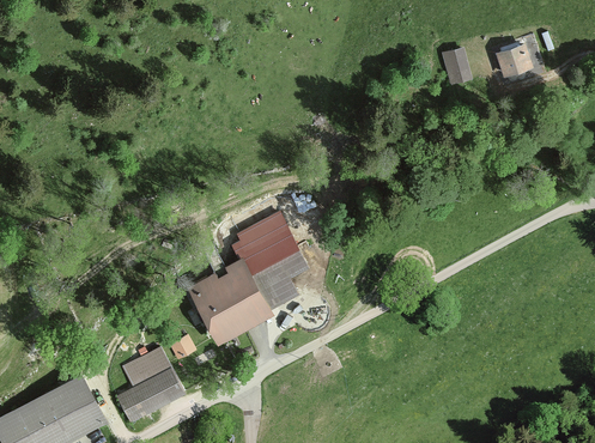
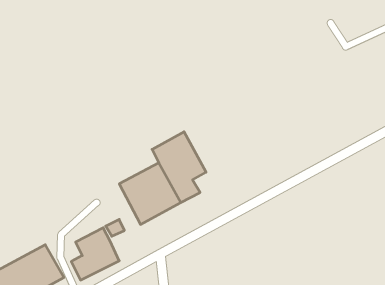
building: [494,43,533,78] -> none
building: [442,50,470,84] -> none

